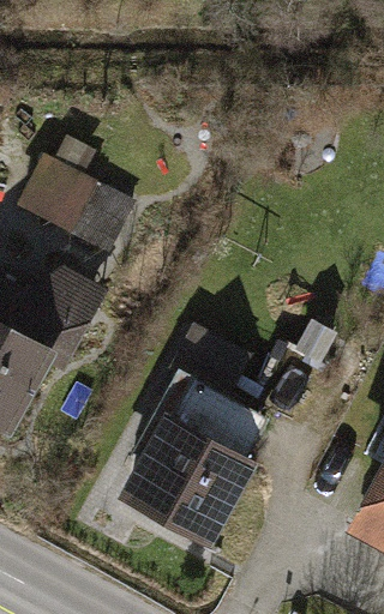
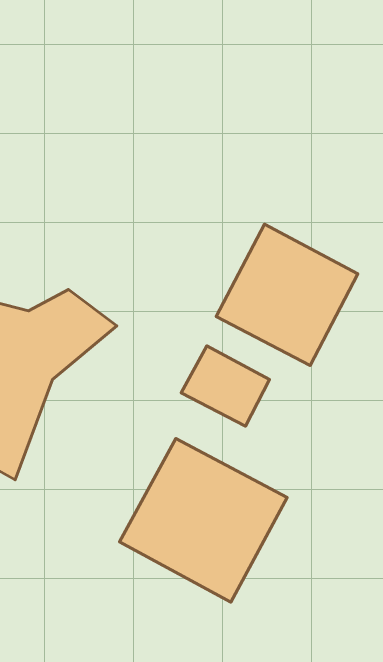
building: [12,149,128,252] -> none
building: none -> [216,224,358,366]

